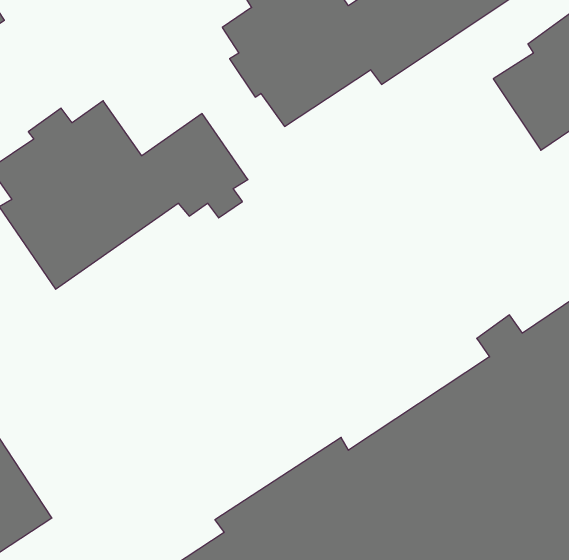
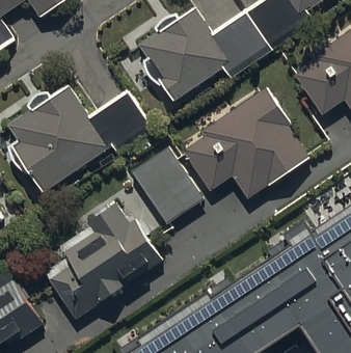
building: none -> [184,89,309,199]
building: none -> [132,146,205,225]
building: none -> [47,202,152,318]

